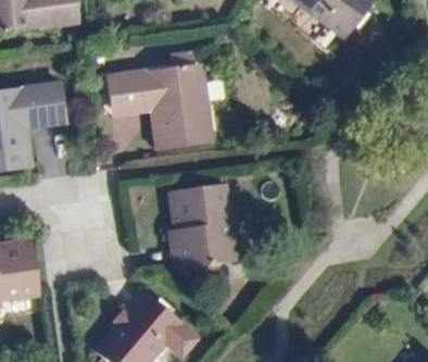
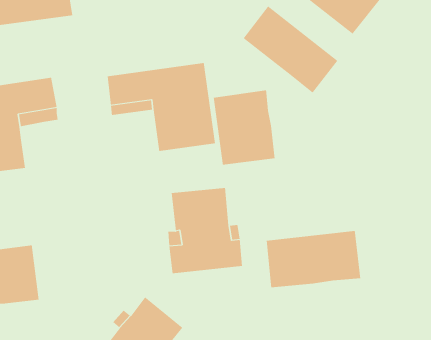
building: none -> [243,6,338,93]
building: none -> [213,89,275,166]
building: none -> [266,230,361,288]

